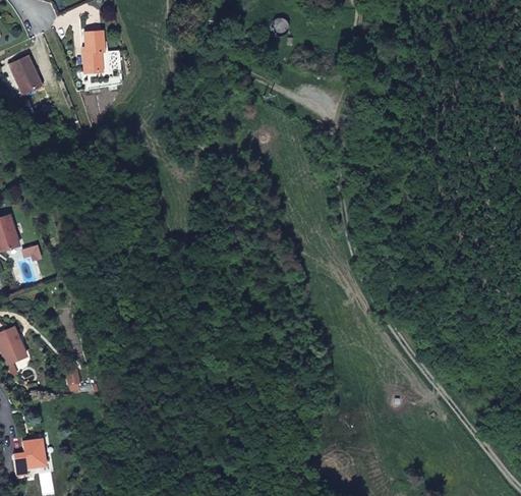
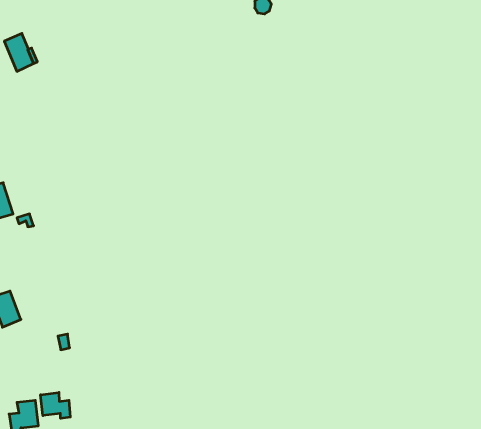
building: [83,33,104,75] -> none
building: none -> [41,392,70,418]

